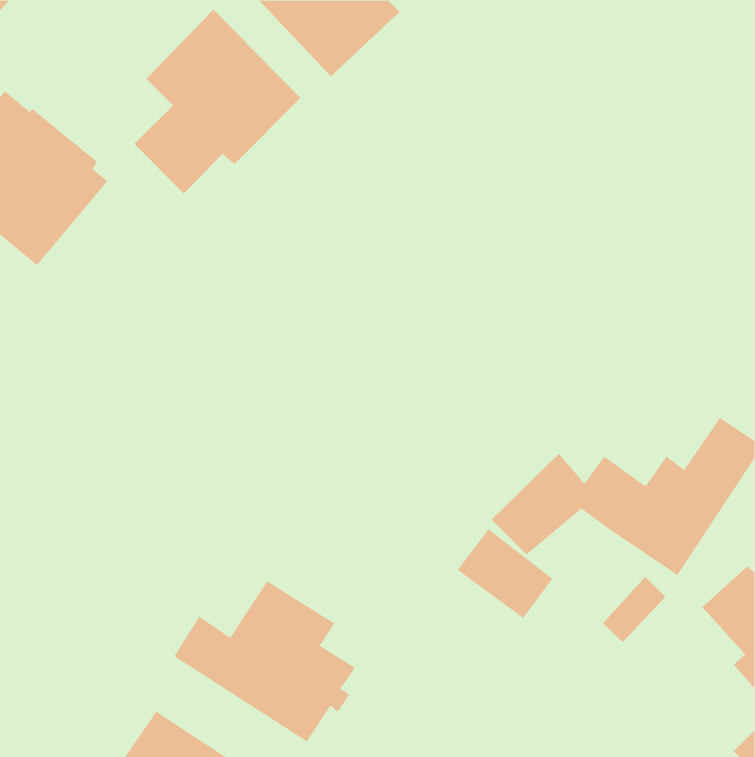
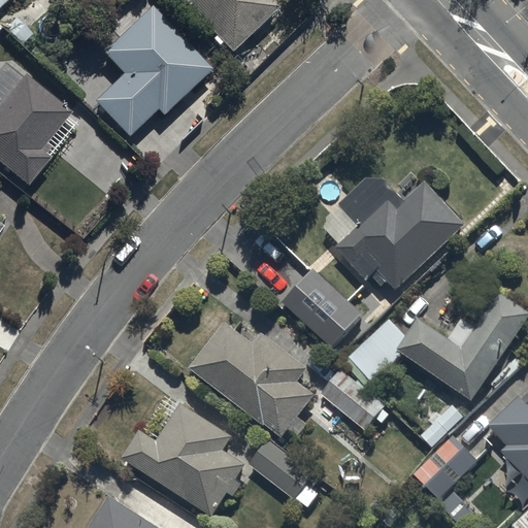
building: none -> [316,183,466,291]
building: none -> [283,269,362,346]
building: none -> [189,322,315,438]
building: none -> [416,436,475,495]
building: none -> [249,437,320,507]

